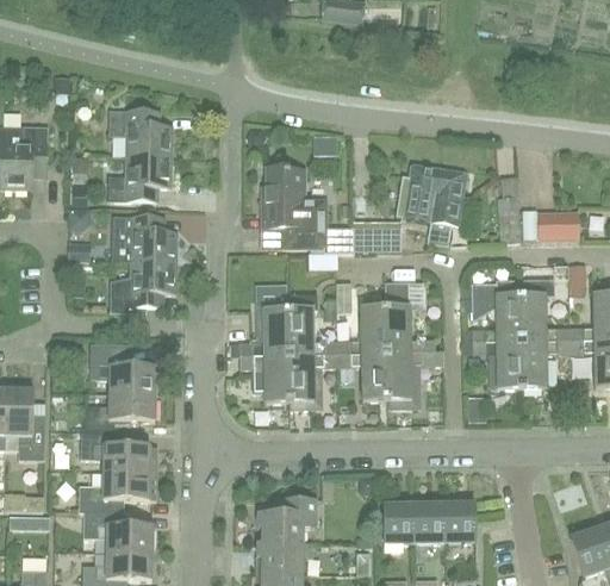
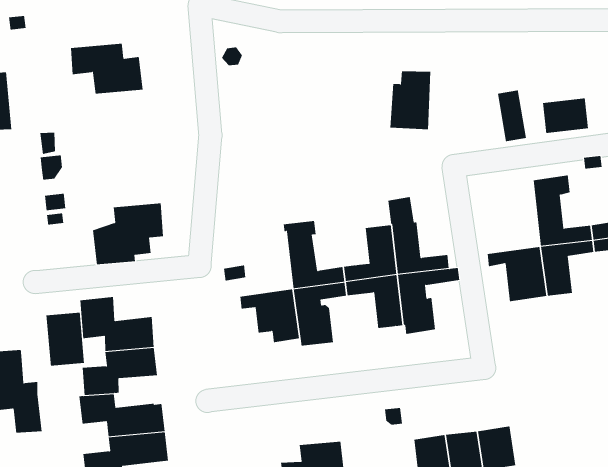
building: [106,155,172,201] -> none
building: [262,168,351,253] -> none
building: [427,169,466,245] -> none
building: [113,216,176,262] -> none
building: [368,222,400,250] -> none
building: [471,280,521,343] -> none
building: [229,301,288,356] -> none
building: none -> [46,312,85,366]

